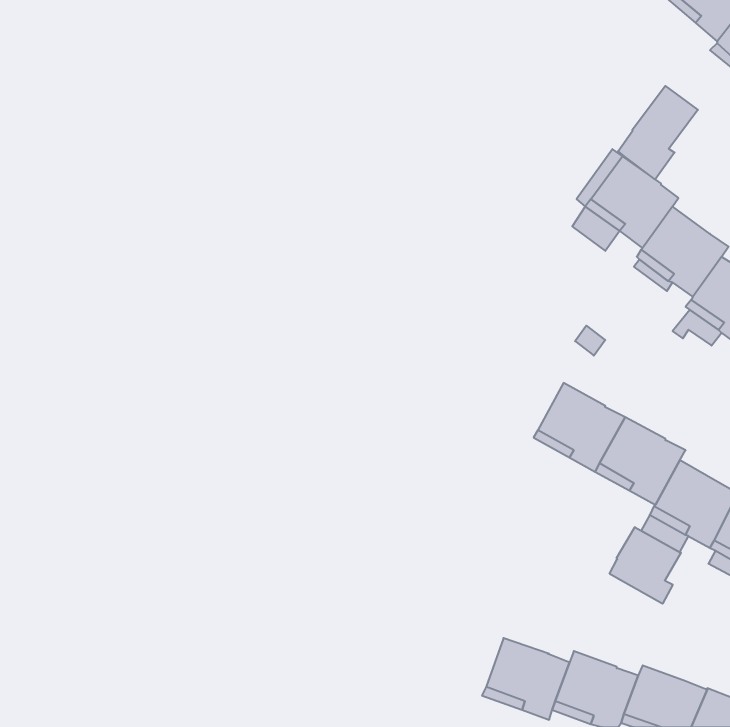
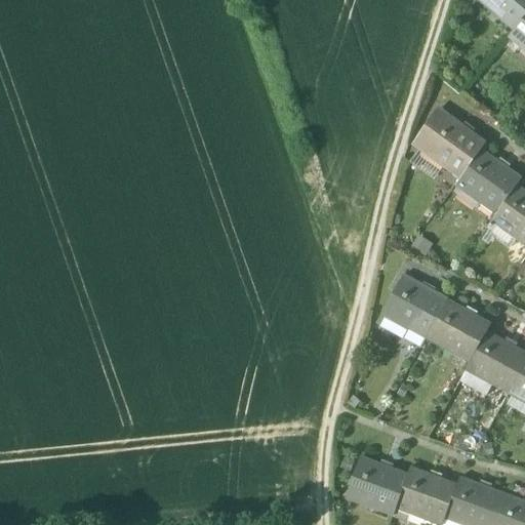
building: [618,86,698,179] -> none
building: [610,527,681,604] -> none

